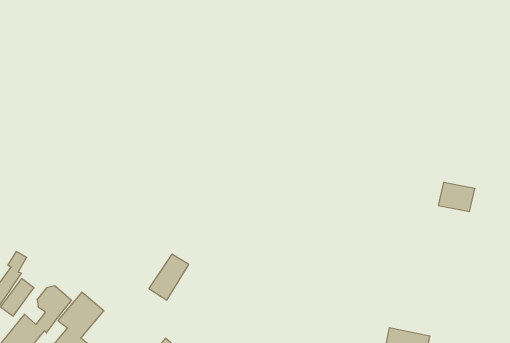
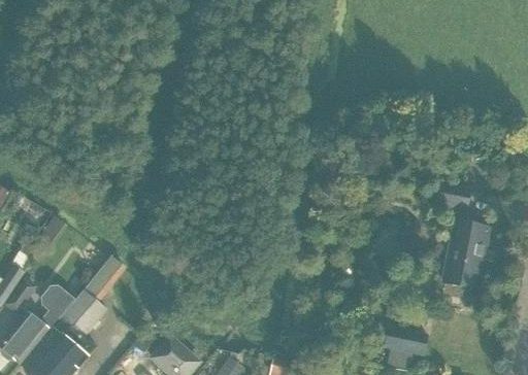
building: none -> [441,221,487,289]
building: [149,254,189,300] -> [86,253,125,299]

